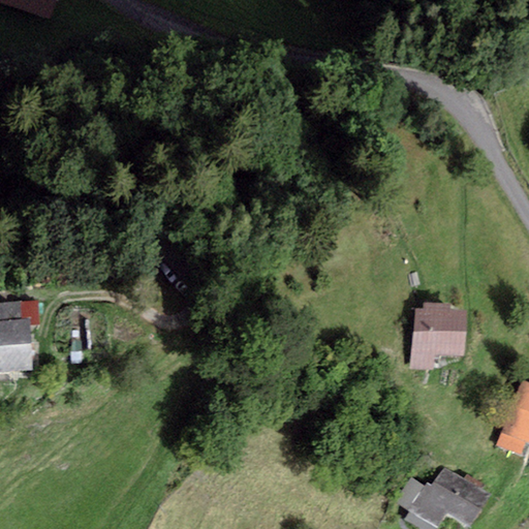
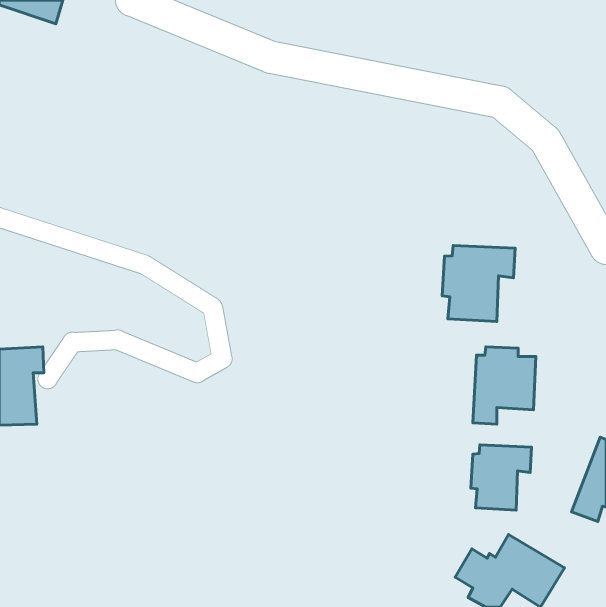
building: none -> [442,245,515,322]
building: none -> [471,445,531,510]

